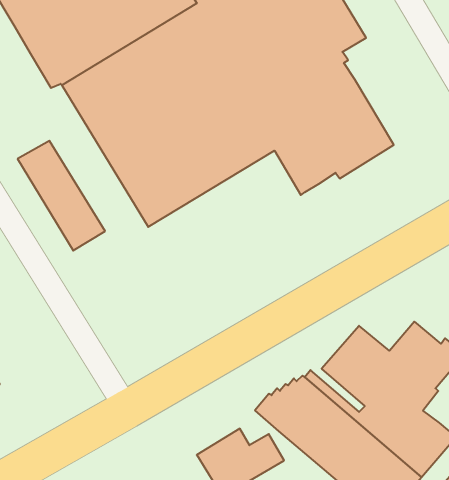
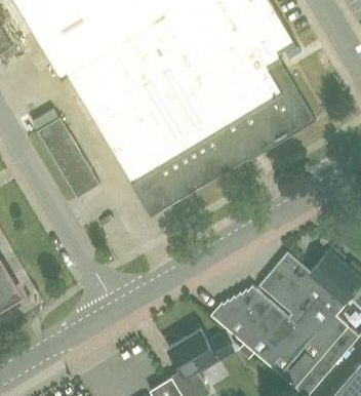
building: none -> [130,125,246,217]

